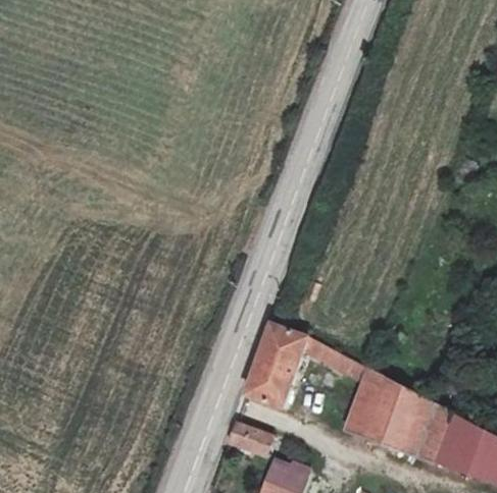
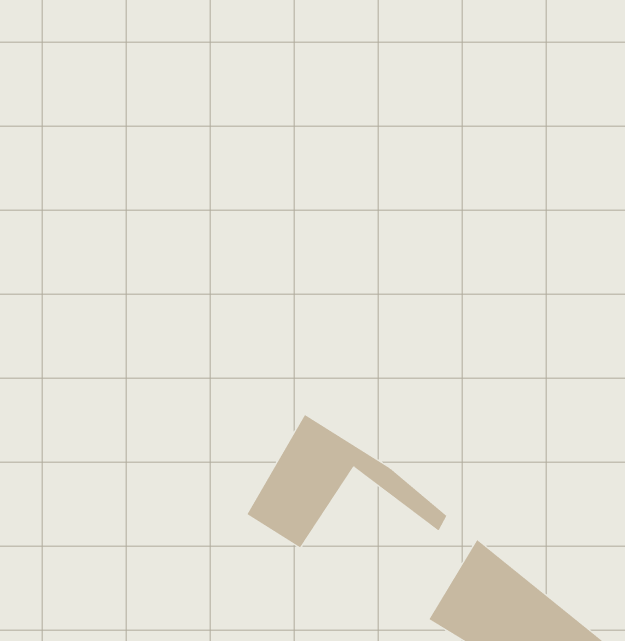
building: [347,370,388,435] -> none
building: [227,416,272,449] -> none

